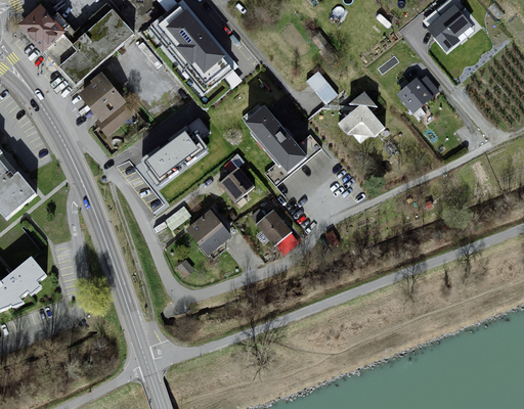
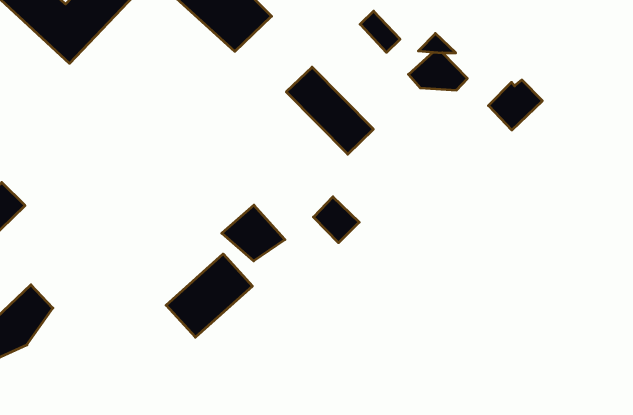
building: [79,74,127,122] -> none
building: [396,76,438,113] -> [488,80,542,130]
building: [146,115,206,181] -> none
building: [217,166,254,202] -> none
building: none -> [166,254,252,337]

